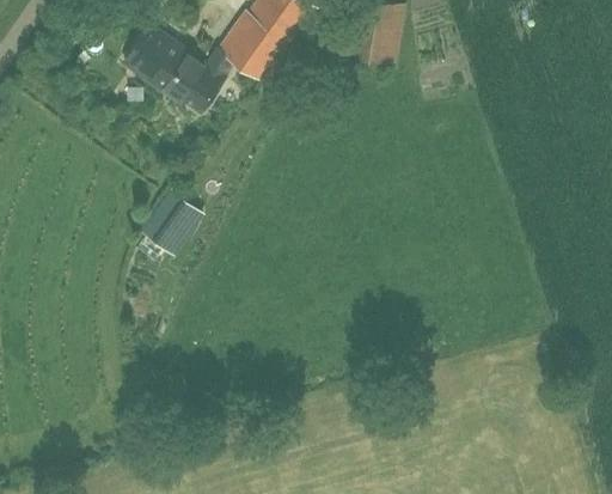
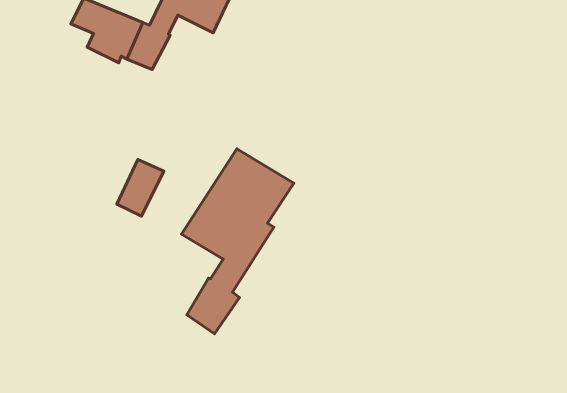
building: none -> [182,149,294,334]

